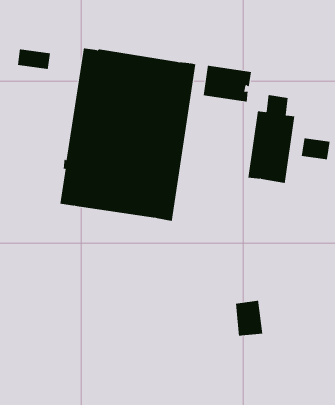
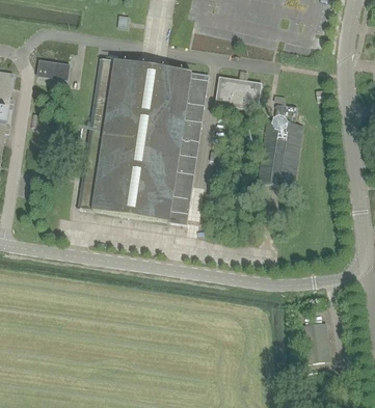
building: [301,138,330,160] -> none
building: [235,300,263,336] -> [303,324,330,358]

